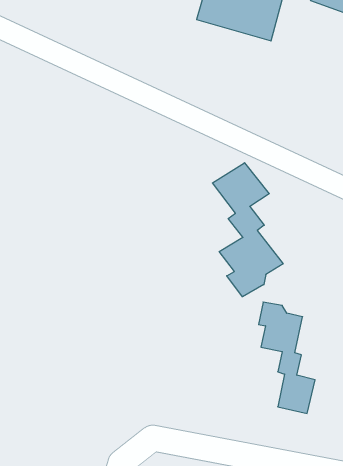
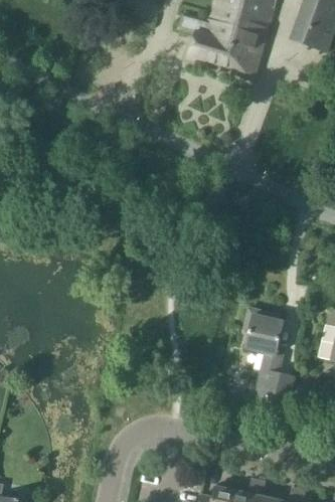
building: [212,163,283,297] -> none

